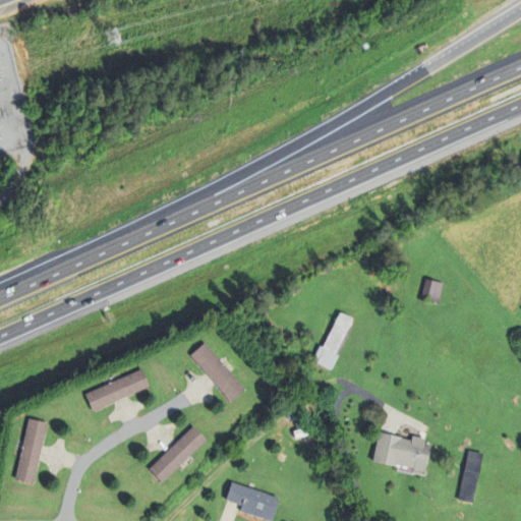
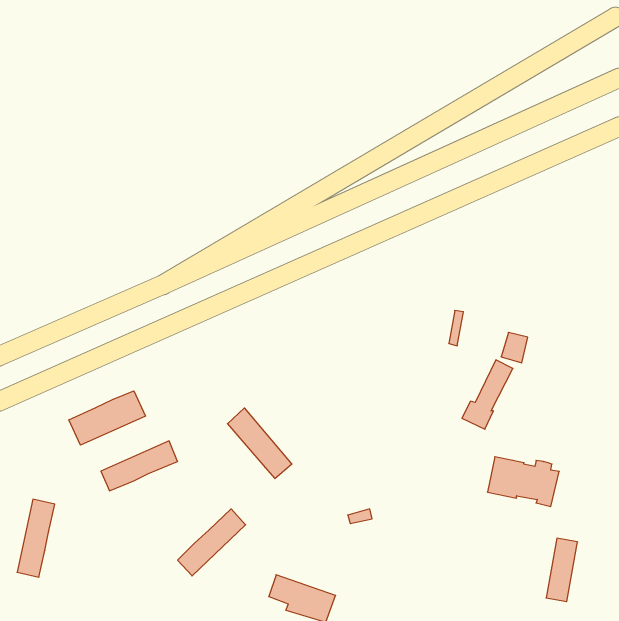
building: [311,311,354,369] -> [462,360,513,429]
building: none -> [69,391,145,445]
building: [371,432,431,474] -> [487,457,559,507]

